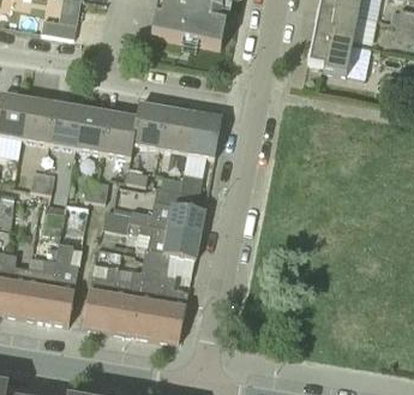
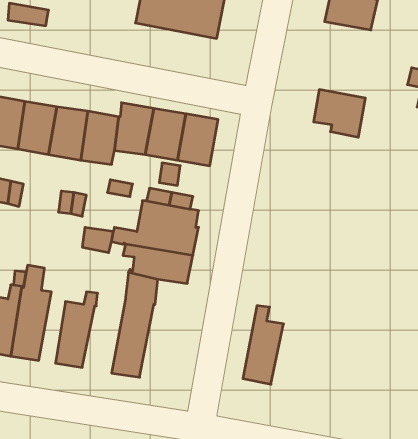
building: [308,34,353,74] -> [314,90,365,137]
building: [106,269,143,335] -> none
building: [155,276,190,343] -> [243,306,284,384]

